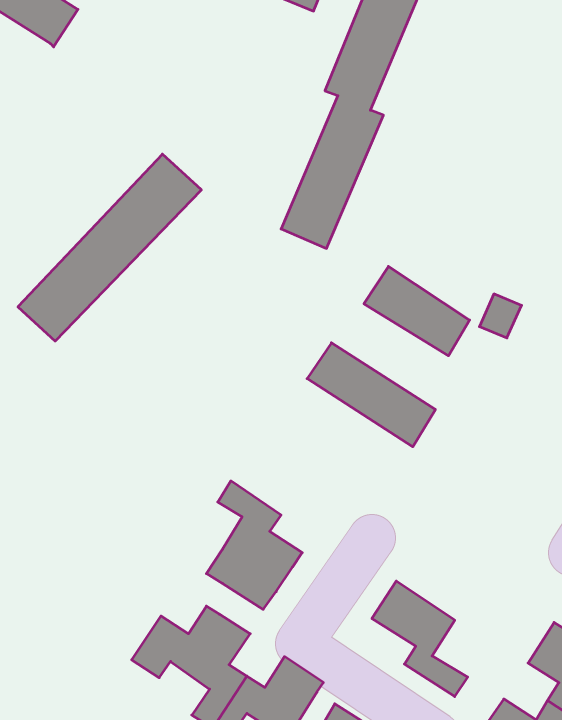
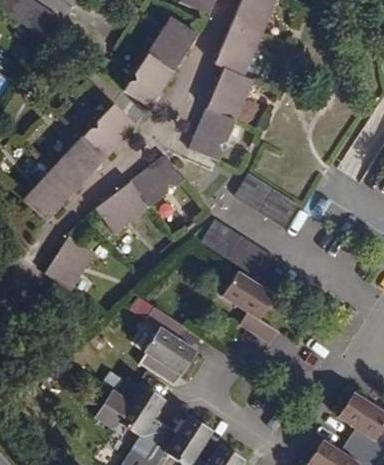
building: none -> [125,17,197,107]
building: none -> [96,156,185,233]
building: none -> [44,236,94,289]
building: [372,581,468,697] -> [225,271,284,342]

